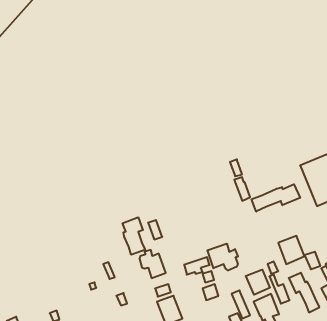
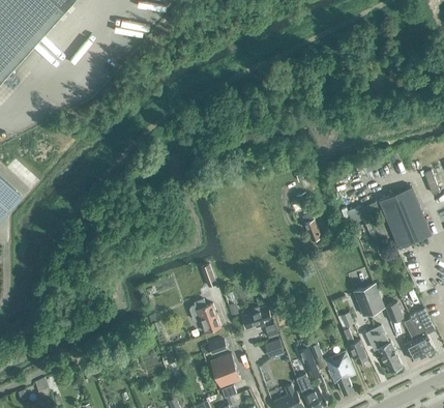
building: [252,184,300,212] -> none
building: [123,217,145,255] -> none
building: [207,244,238,270] -> none
building: [246,270,270,295] -> none

